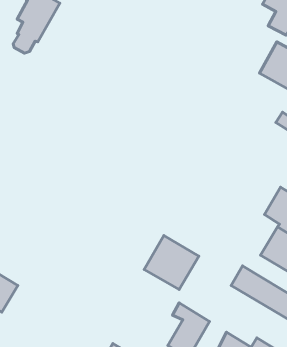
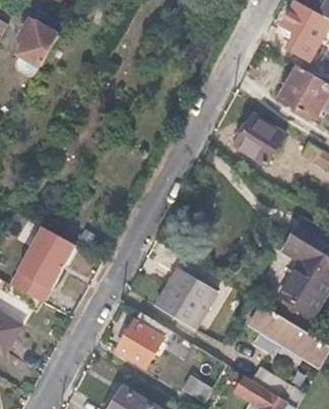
building: none -> [236,115,283,161]
building: none -> [11,224,79,301]
building: none -> [117,311,173,367]

